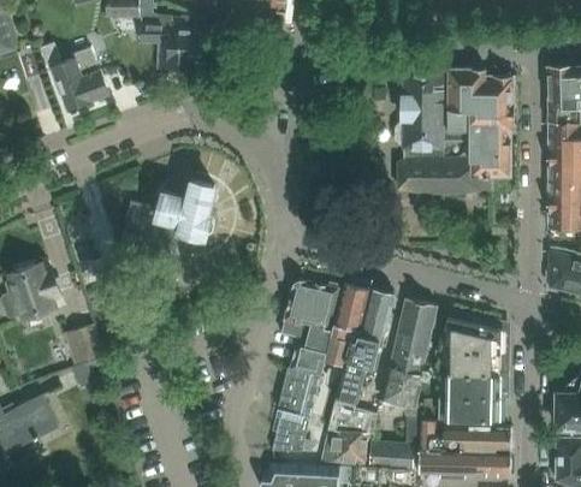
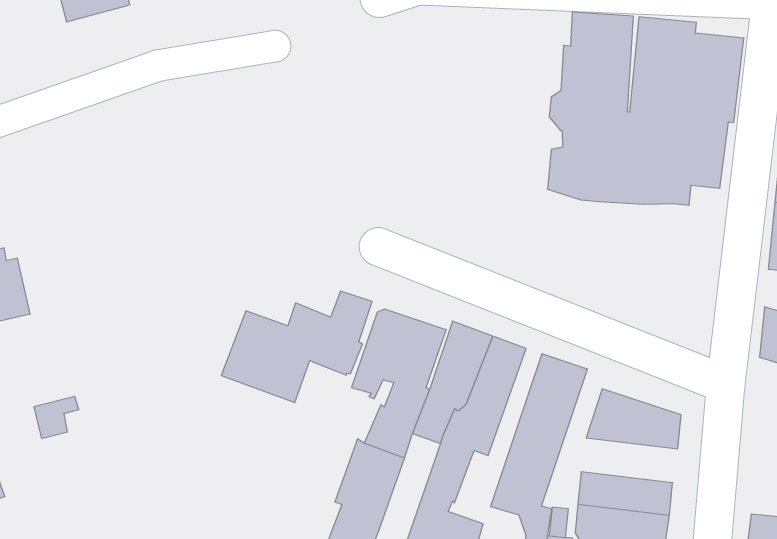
building: [119,182,214,259] -> [221,291,372,403]
building: [65,326,103,364] -> none
building: [439,351,502,375] -> none

